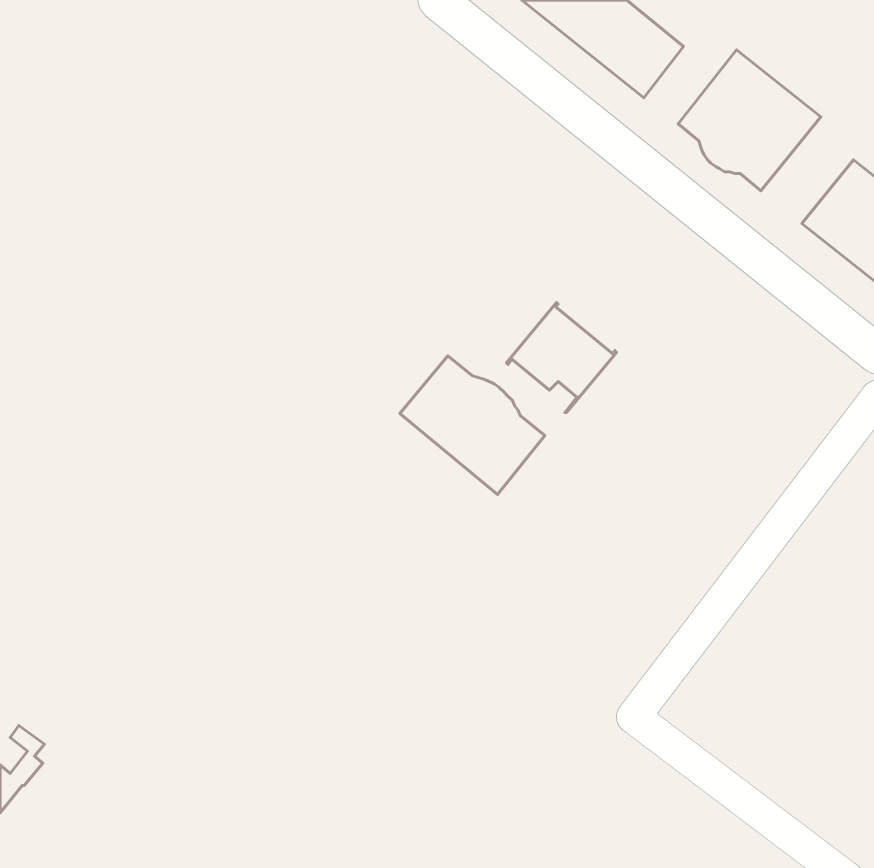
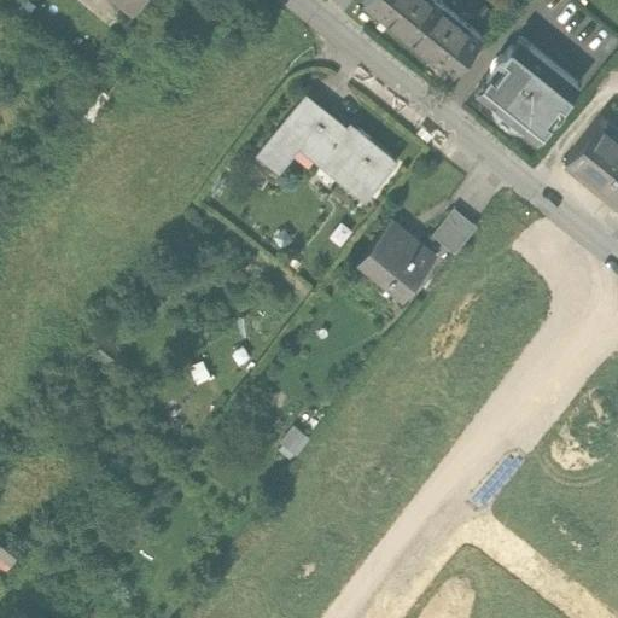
building: none -> [260,97,397,200]
building: none -> [433,210,477,255]
building: [400,356,545,495] -> none

